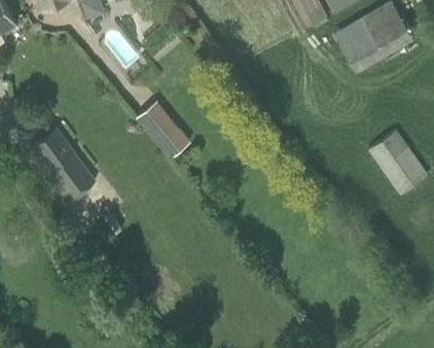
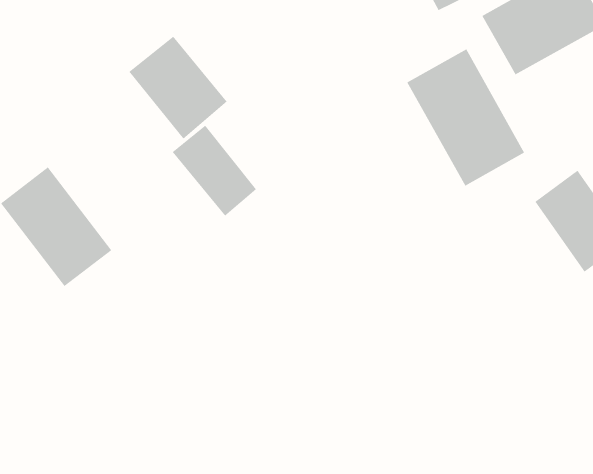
building: none -> [129,36,227,139]
building: none -> [407,48,525,186]

